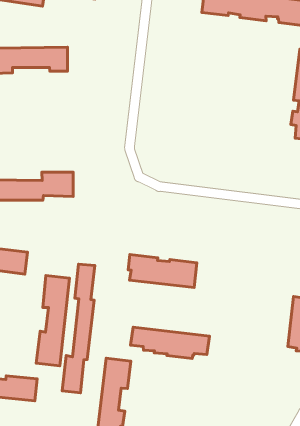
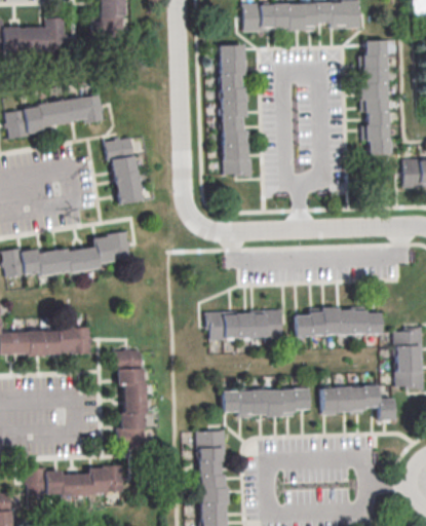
building: none -> [219,44,253,178]
building: none -> [107,136,144,203]
building: [62,264,95,393] -> none
building: none -> [295,308,382,338]
building: none -> [321,386,394,421]

